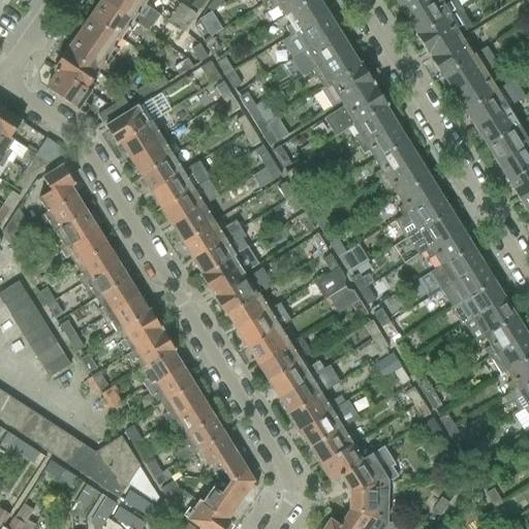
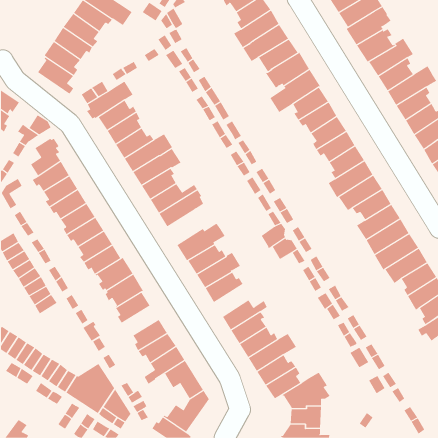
building: [201,245,258,294] -> none
building: [258,336,312,380] -> none
building: [148,367,193,403] -> none

